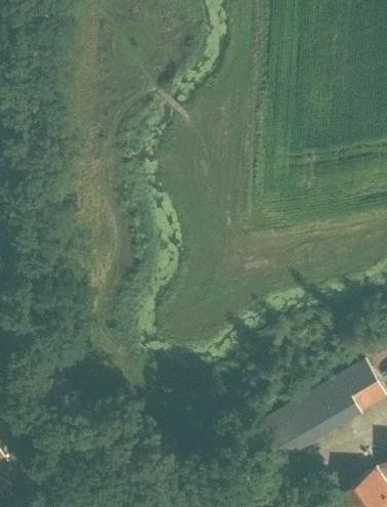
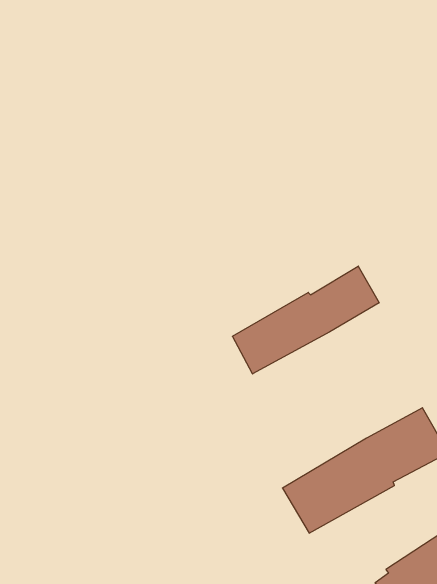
building: none -> [232,266,379,374]

